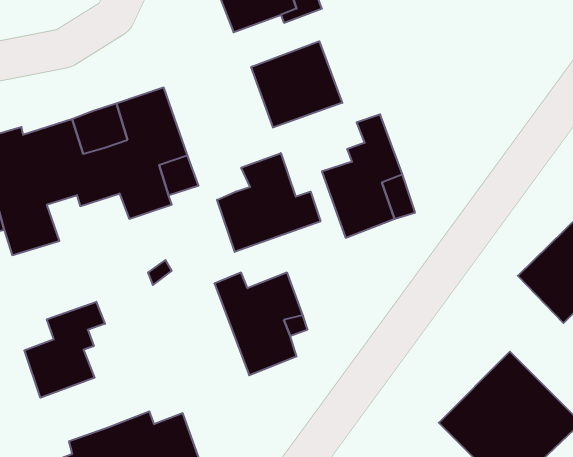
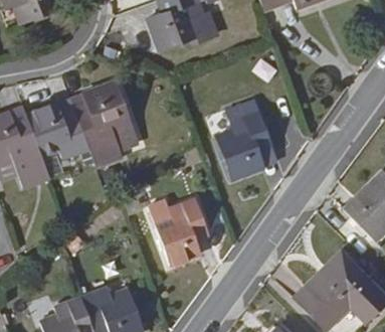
building: [251,41,342,128] -> none
building: [217,153,320,252] -> none
building: [24,302,105,398] -> none

